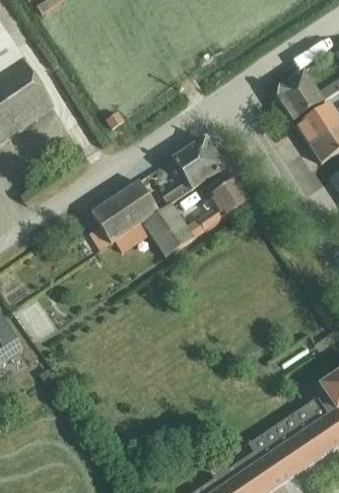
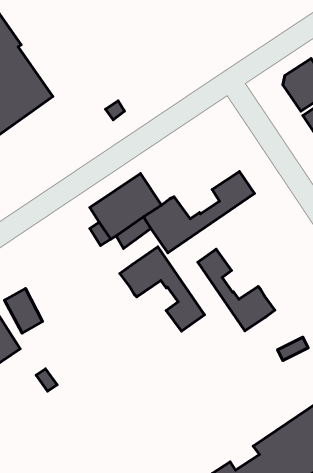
building: [162,137,225,204] -> none
building: none -> [120,247,205,331]
building: none -> [198,249,275,331]

